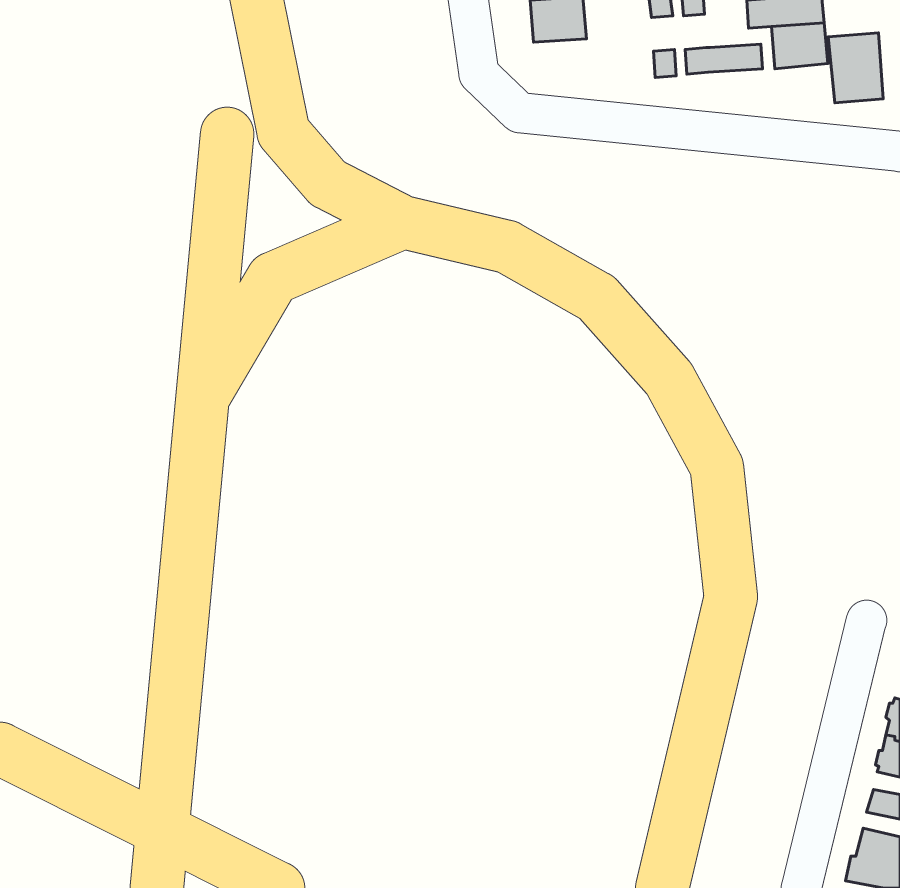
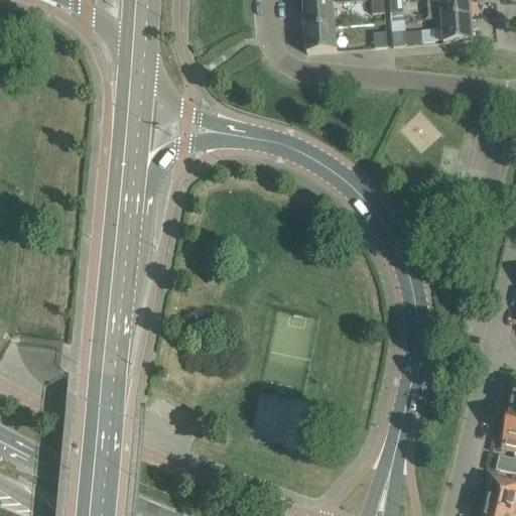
building: [828,33,883,103] -> none
building: none -> [305,22,337,49]

